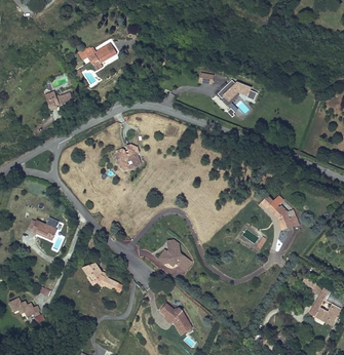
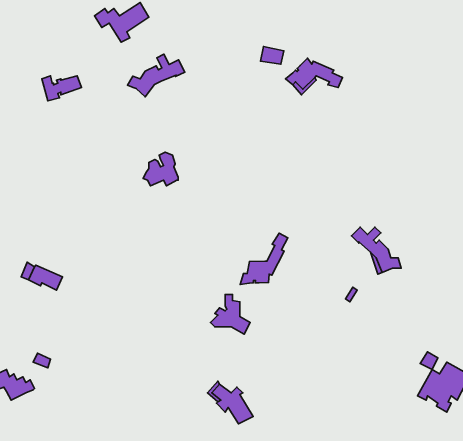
building: none -> [127,54,185,97]
building: none -> [240,233,288,284]
building: [84,262,120,293] -> none

